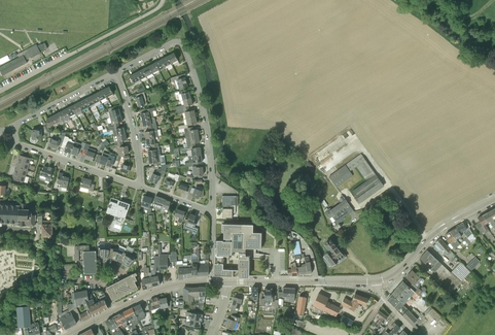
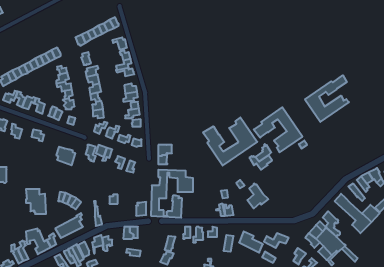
building: none -> [305,75,349,122]
building: none -> [203,117,257,166]

